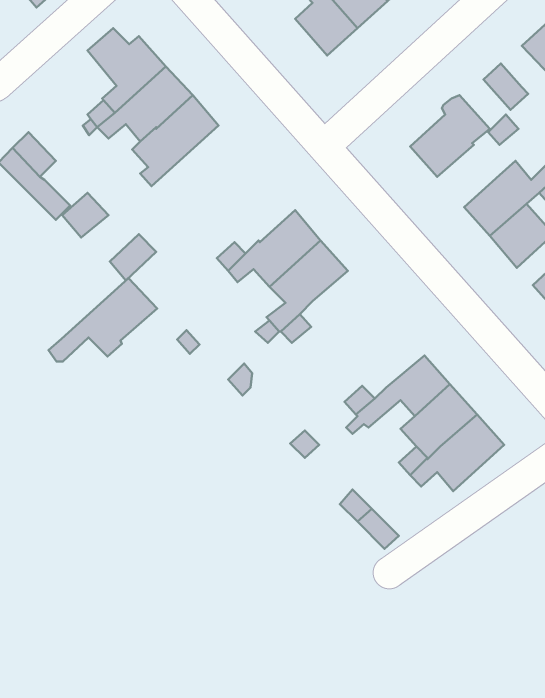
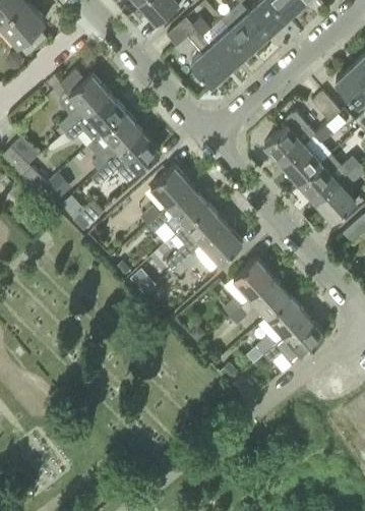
building: none -> [282,145,321,184]
building: none -> [151,167,191,207]
building: none -> [202,225,242,264]
building: [49,278,157,361] -> [92,132,161,185]
building: none -> [232,260,273,299]

